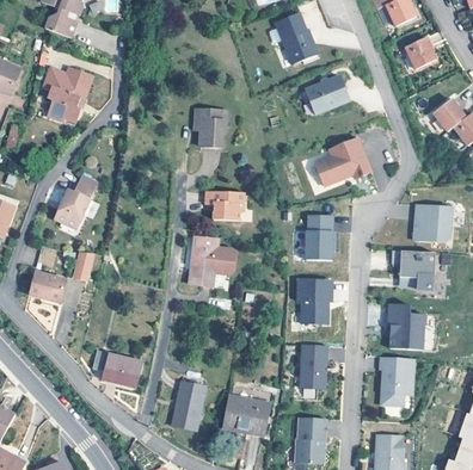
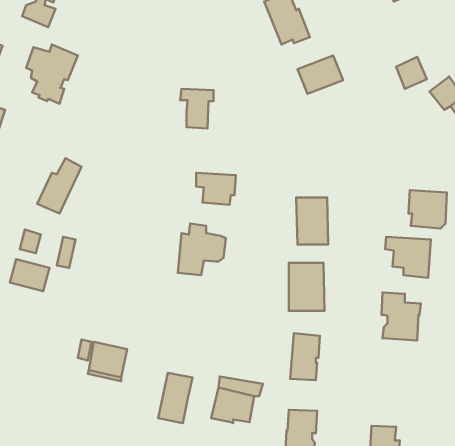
building: [408,36,438,67] -> [396,57,427,89]
building: [315,136,371,185] -> none
building: [379,357,413,406] -> none

